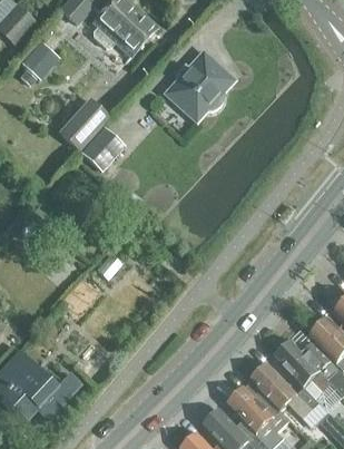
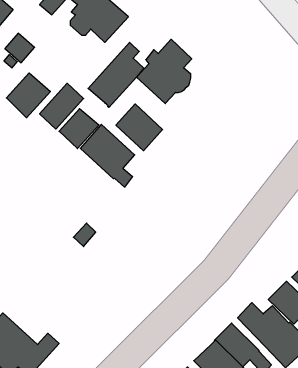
building: none -> [88,42,144,107]
building: none -> [6,73,50,118]
building: none -> [116,104,163,151]
building: none -> [80,124,135,187]

